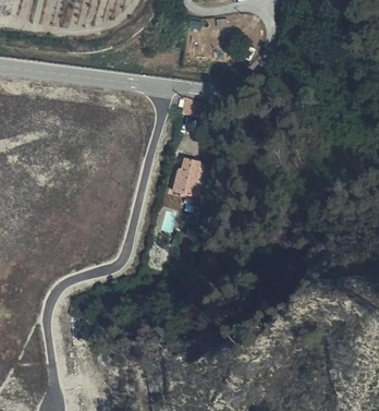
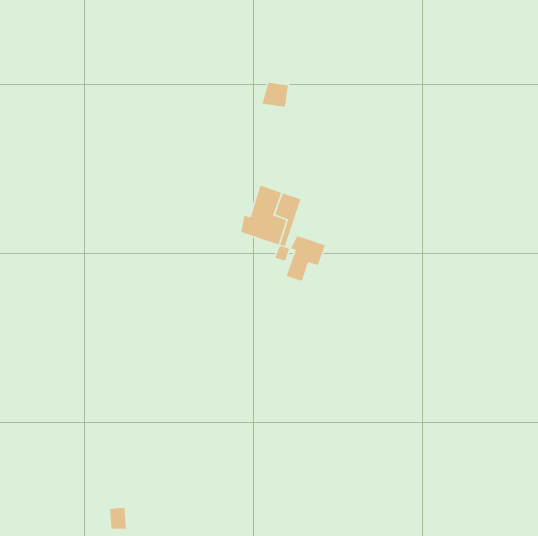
building: none -> [285,235,326,282]

